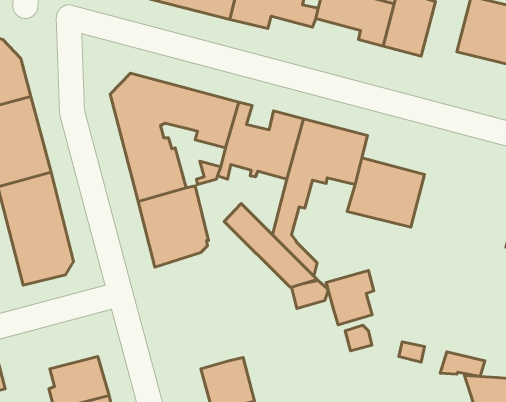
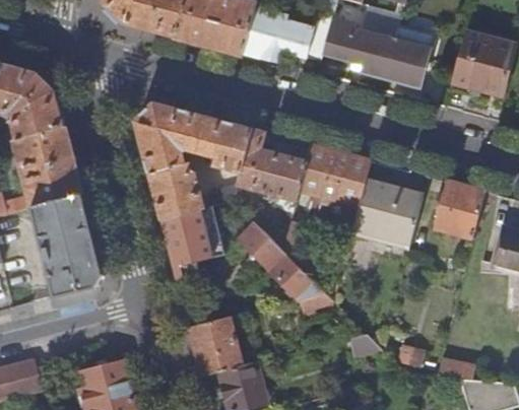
building: none -> [433,180,483,236]
building: [326,271,374,325] -> none
building: none -> [188,316,243,375]

